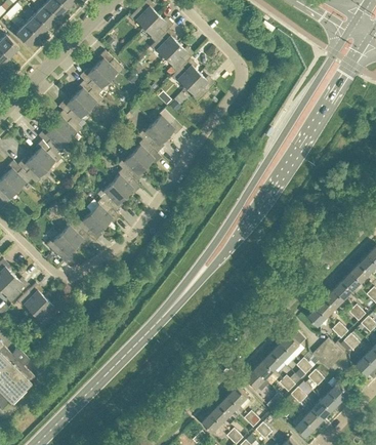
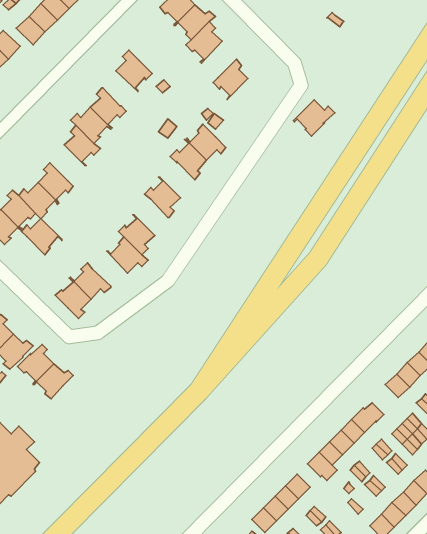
building: [162,43,194,72] -> none
building: [79,67,112,94] -> none
building: [182,73,215,102] -> [293,100,335,136]
building: [38,125,70,154] -> [22,219,62,255]
building: [129,138,161,167] -> none
building: [109,168,140,197] -> none
building: [76,209,103,242] -> none

